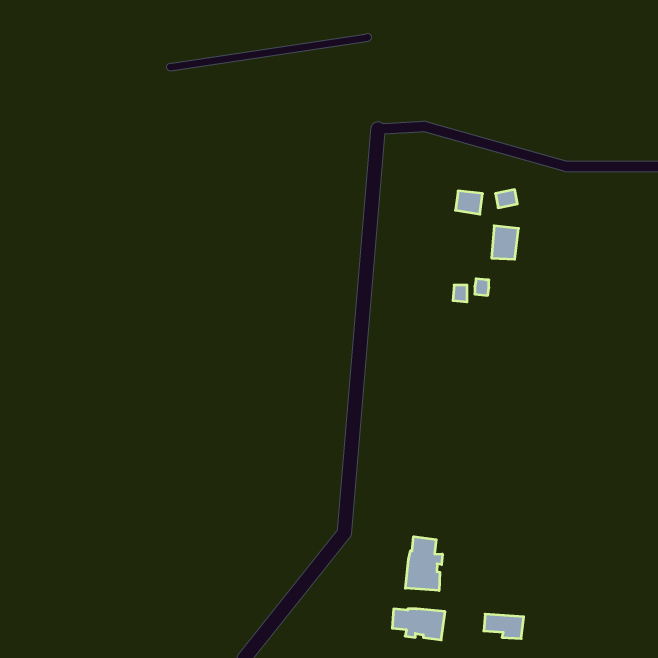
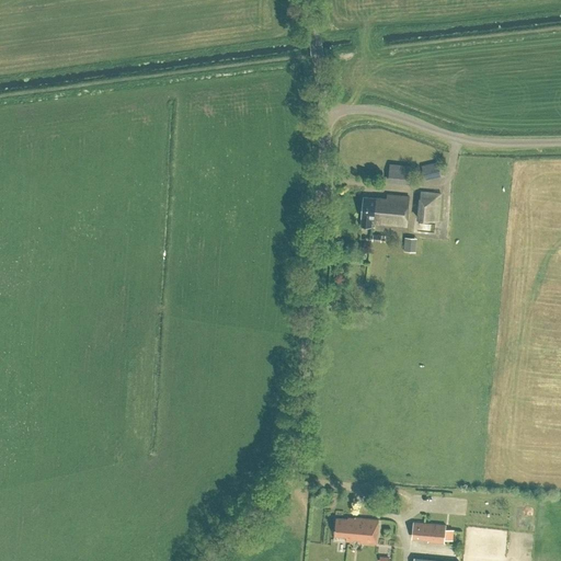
building: none -> [360,196,409,228]
building: [405,537,442,591] -> none

